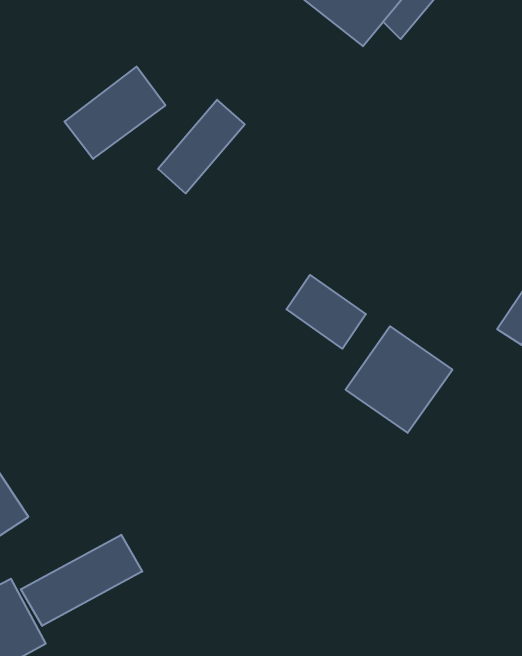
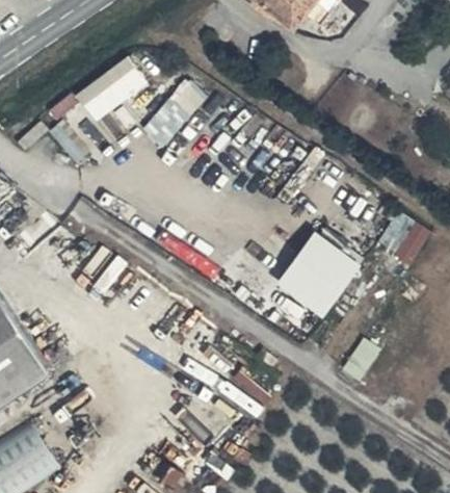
building: [286,275,366,349] -> none
building: [21,535,142,626] -> none

